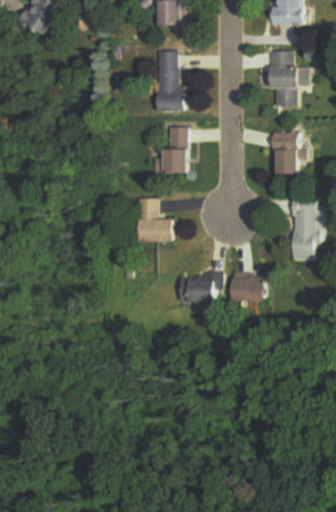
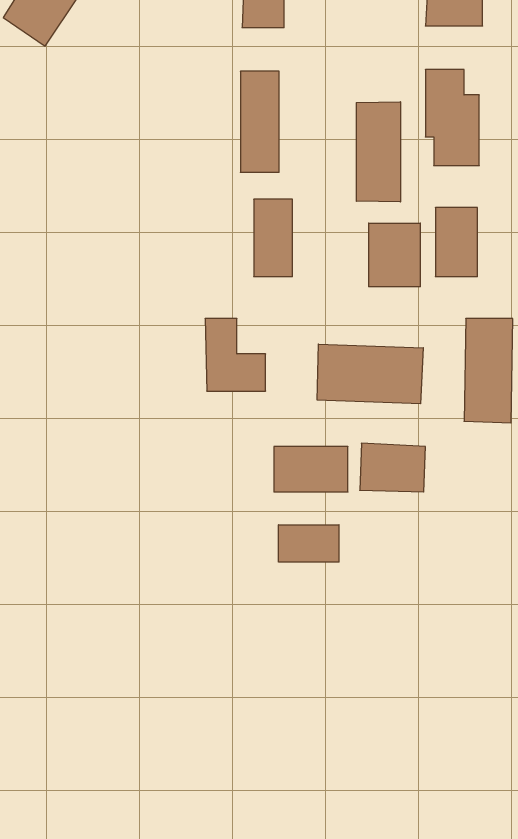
building: none -> [356,102,400,202]
building: none -> [369,223,420,287]
building: none -> [317,344,423,404]
building: none -> [279,525,339,562]

